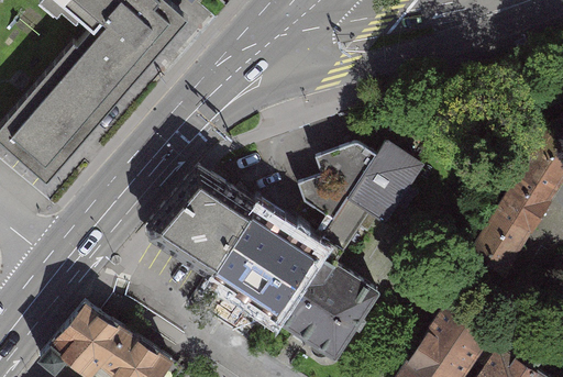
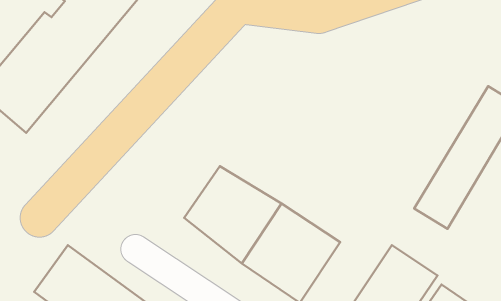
building: [299,145,424,251] -> none
building: [161,181,256,273] -> none

